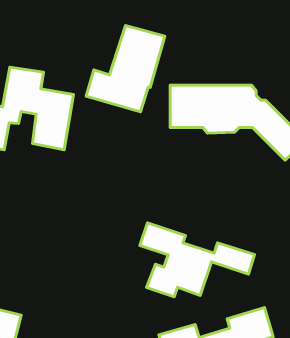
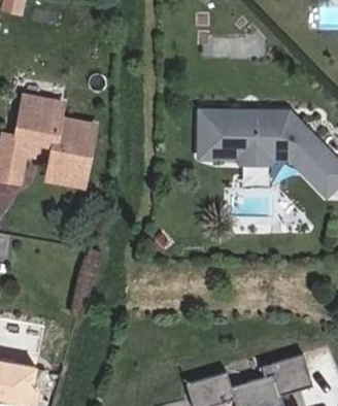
building: [86,25,165,112] -> none
building: [140,223,254,297] -> none

